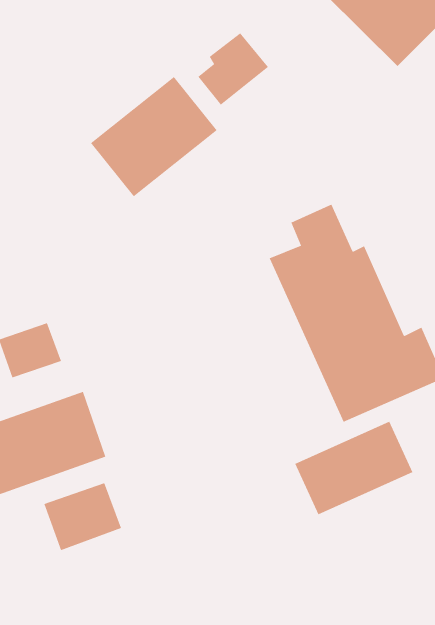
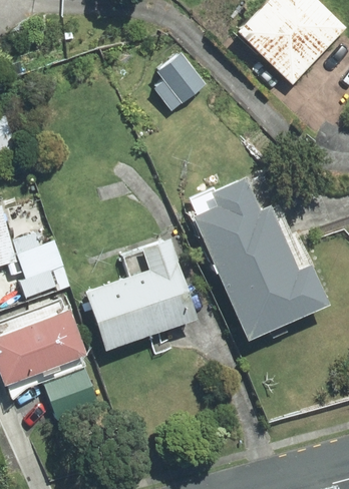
building: [90,76,218,197] -> none
building: none -> [84,242,196,346]
building: [295,421,413,515] -> none

